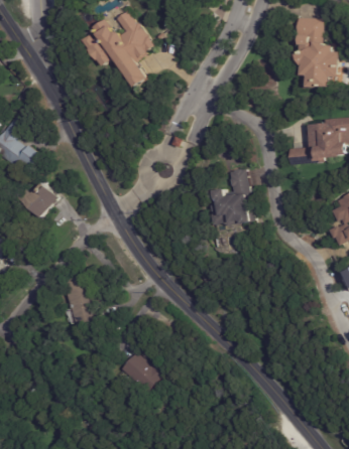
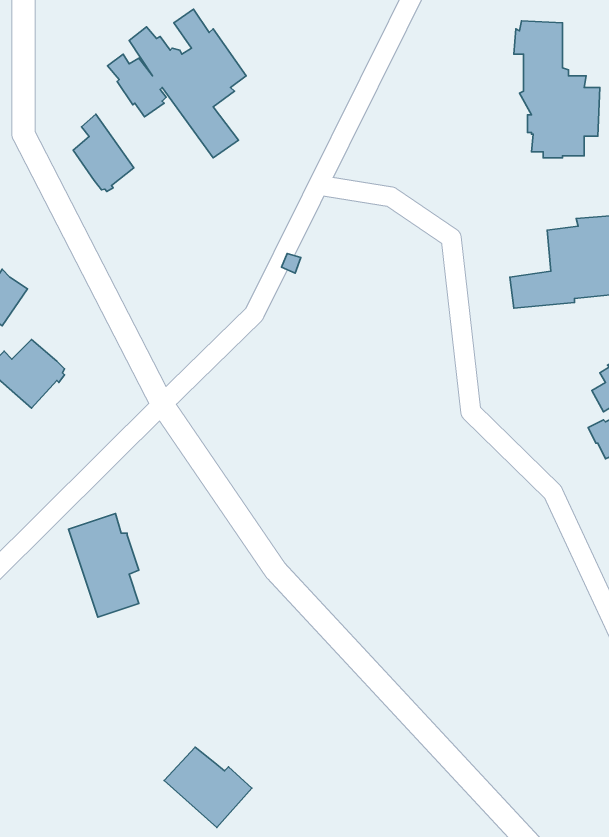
building: none -> [73,114,134,191]
building: [209,167,254,224] -> none
building: [116,351,161,393] -> [164,747,252,827]

